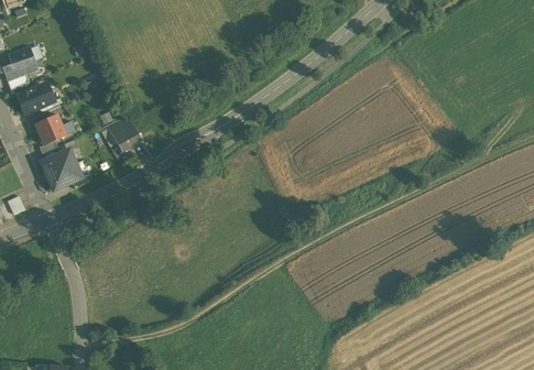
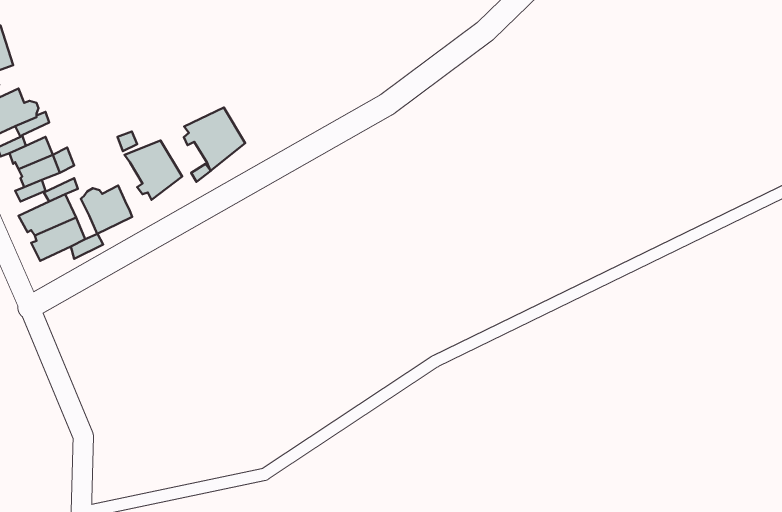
building: none -> [184,108,245,171]
building: none -> [81,186,132,234]

